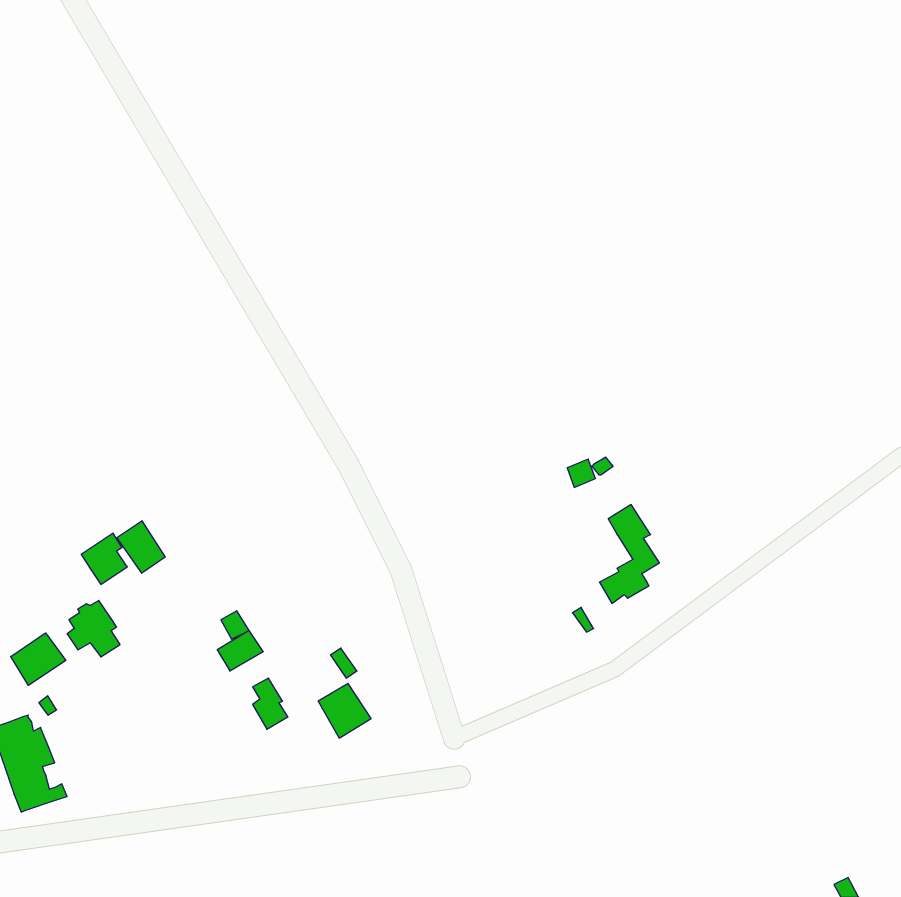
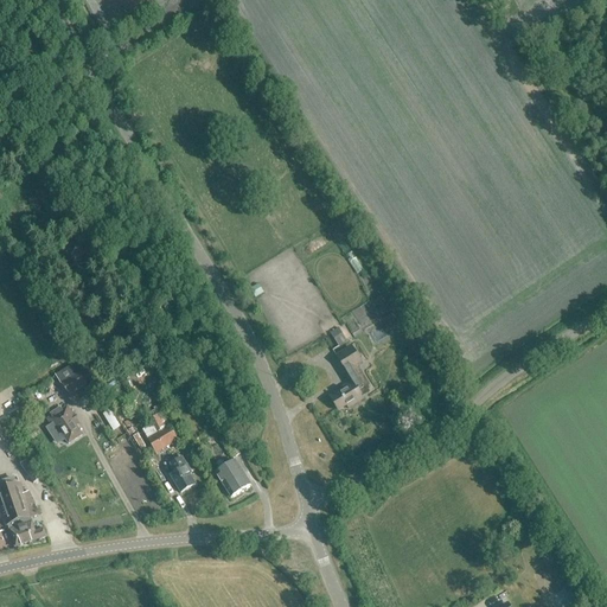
building: [599,505,659,603] -> [328,343,369,409]
building: [117,521,165,573] -> none
building: [11,633,66,685] -> none

